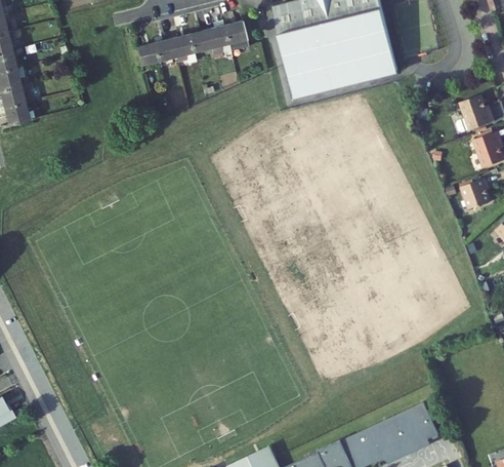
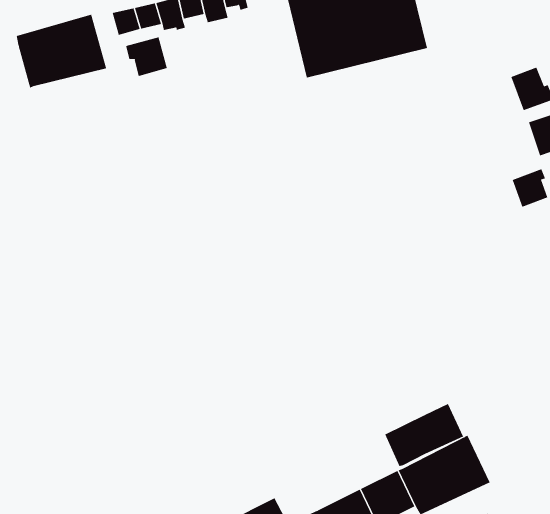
building: none -> [16,14,107,88]
building: none -> [125,36,168,77]
building: none -> [384,403,464,467]

